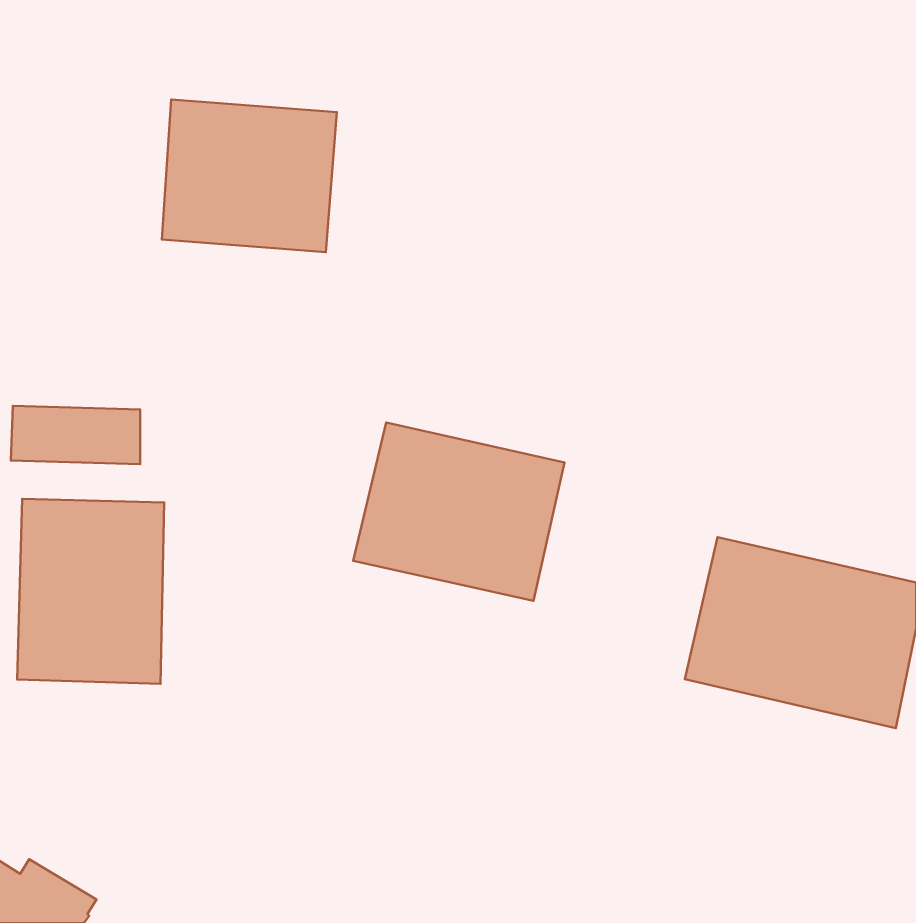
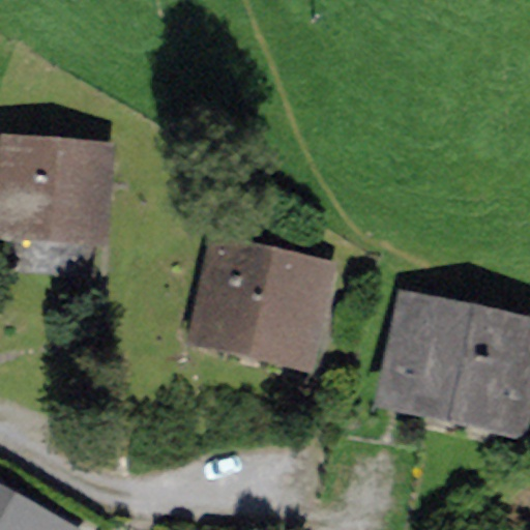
building: [162,99,337,252] -> [4,139,104,226]
building: [17,499,164,684] -> none

